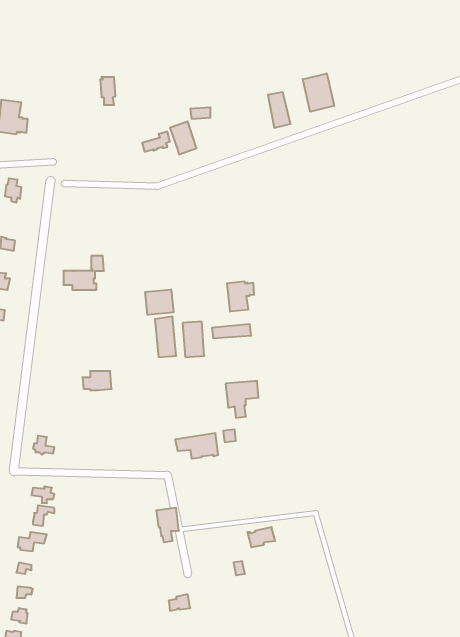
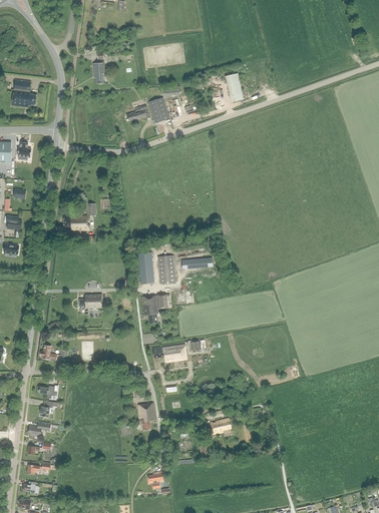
building: [303,73,334,112] -> none
building: [227,281,254,312] -> none
building: [145,289,173,315] -> none
building: [226,381,259,418] -> [140,294,166,323]

